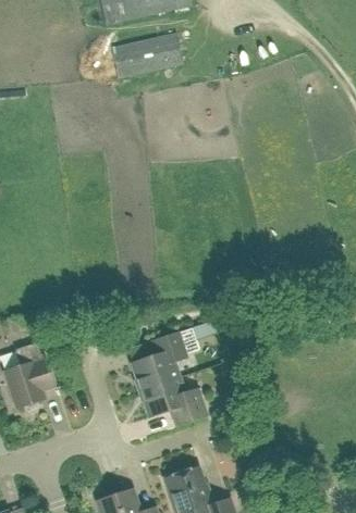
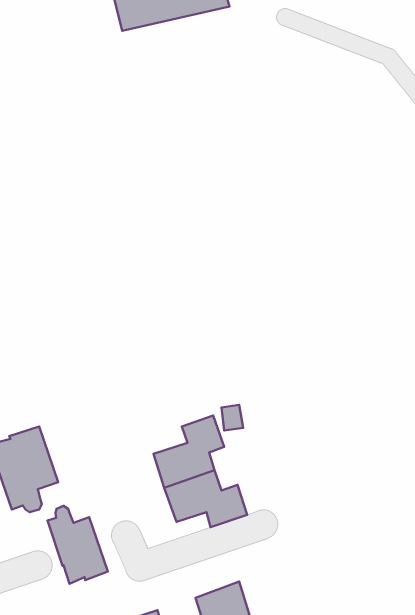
building: [111,33,183,78] -> none
building: none -> [48,506,108,584]

